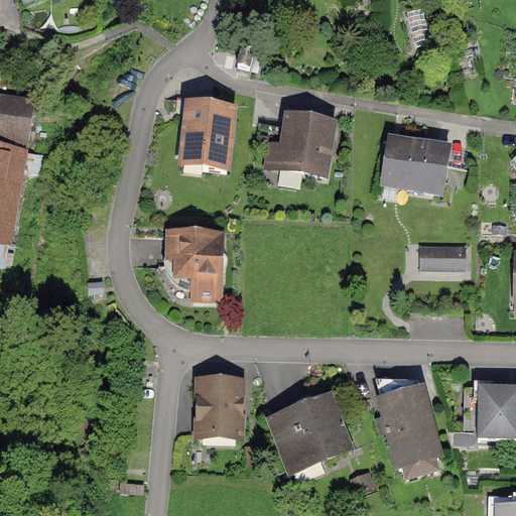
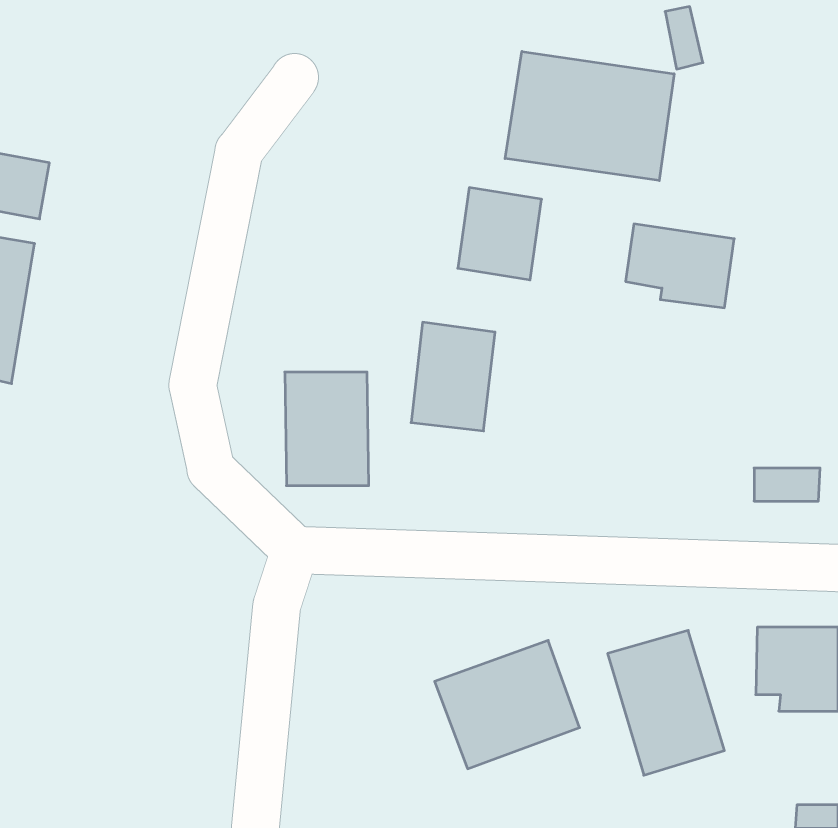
building: none -> [505,51,674,181]
building: [181,101,233,167] -> [411,322,495,431]
building: [421,244,462,264] -> [754,468,820,501]
building: [196,378,247,438] -> none

